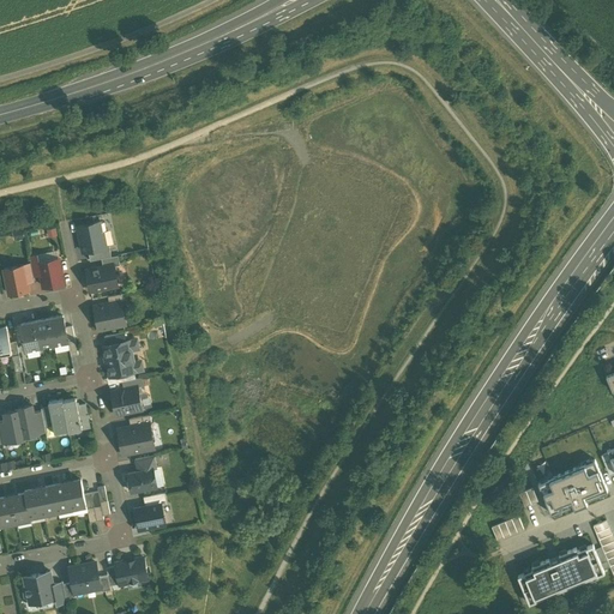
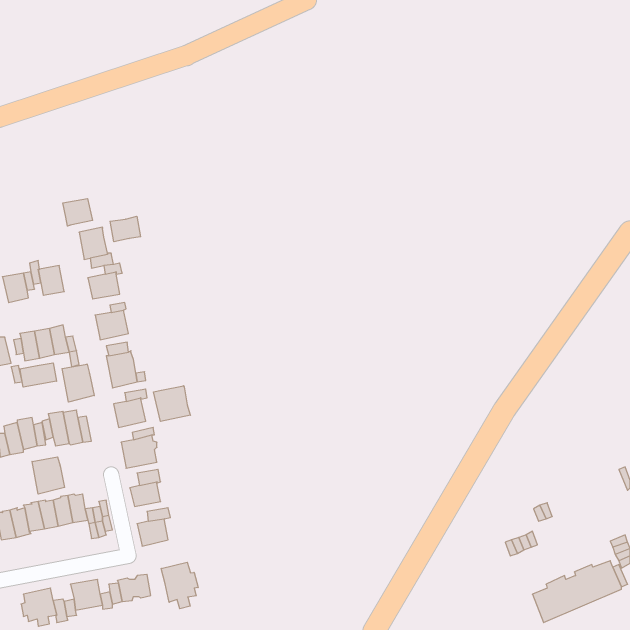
building: none -> [63,199,93,226]
building: none -> [110,216,141,242]
building: none -> [20,363,57,387]
building: none -> [62,364,94,402]
building: none -> [154,386,190,421]
building: none -> [32,457,65,494]
building: [537,460,607,516] -> none
building: none -> [161,562,198,609]

